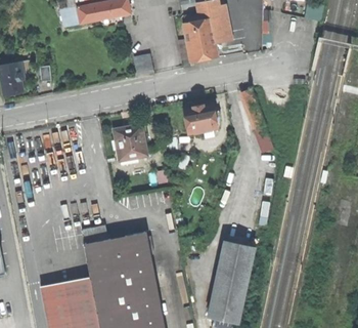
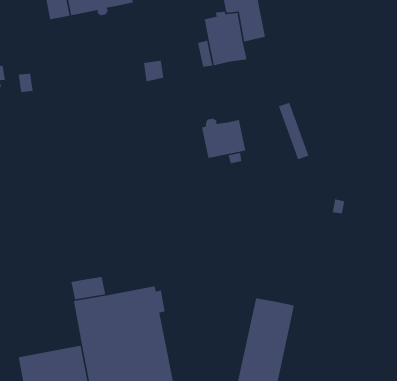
building: [113,124,146,161] -> none

